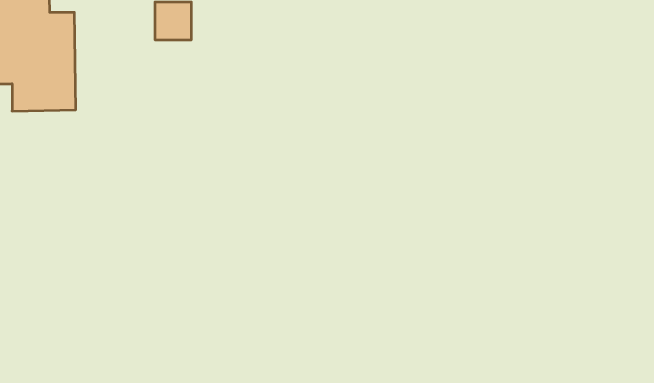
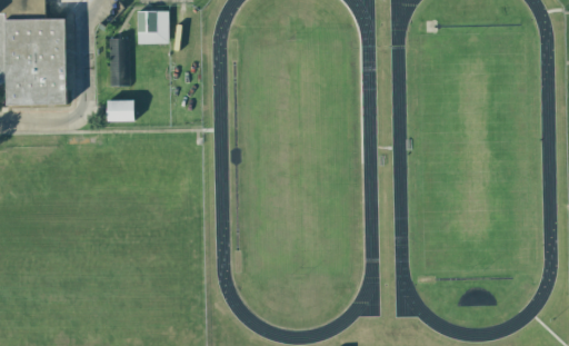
building: none -> [106,36,127,85]
building: none -> [104,98,131,119]

